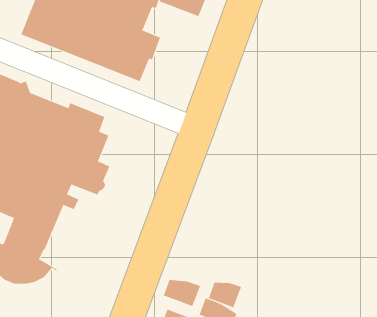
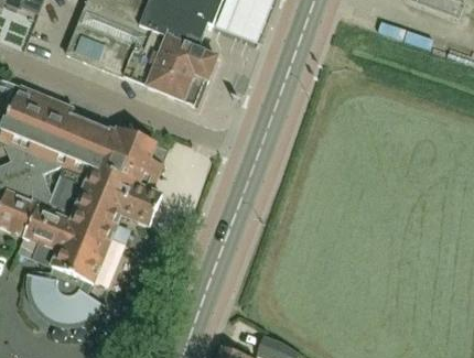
building: [163,279,201,307] -> none
building: [208,282,242,308] -> none

